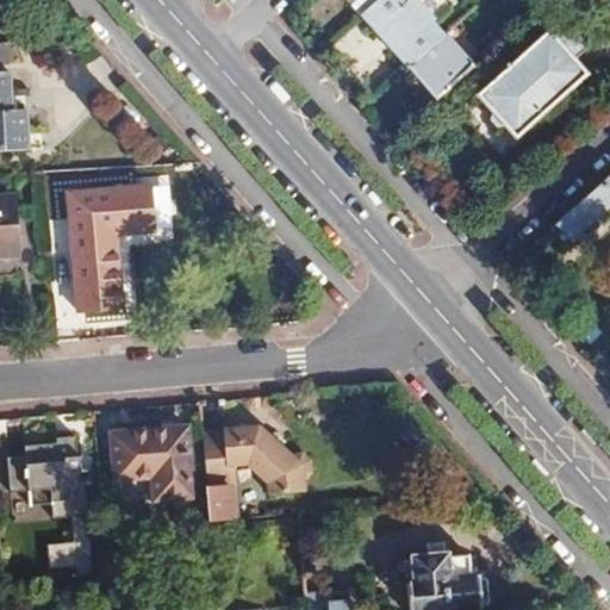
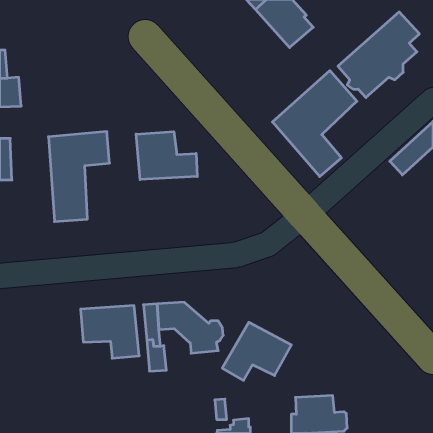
building: [406,38,466,97] -> none
building: none -> [272,71,357,177]
building: none -> [136,132,197,180]
building: [5,437,93,575] -> none
building: none -> [222,322,291,380]

